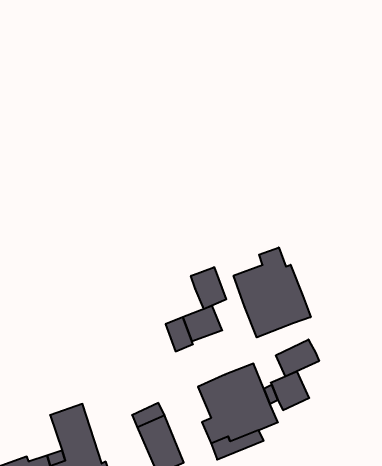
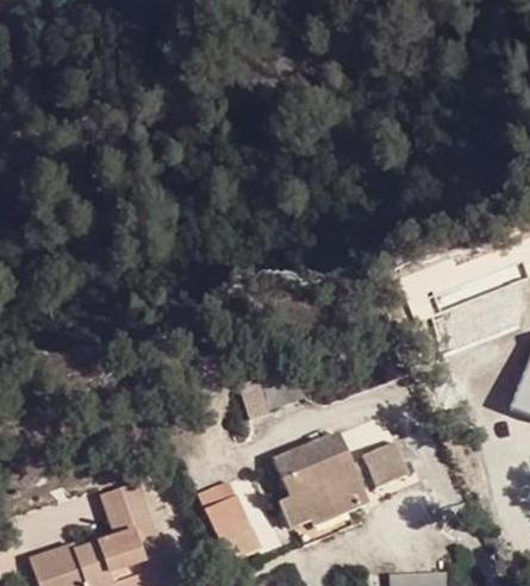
building: [234,247,311,337] -> none
building: [191,267,226,309] -> none
building: [276,339,319,376] -> none

